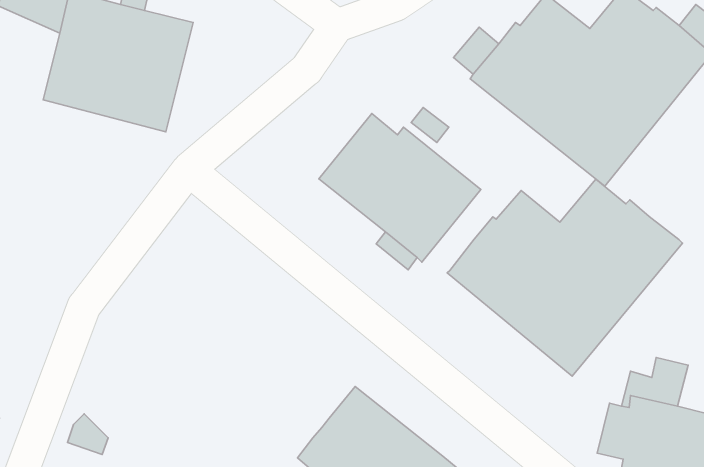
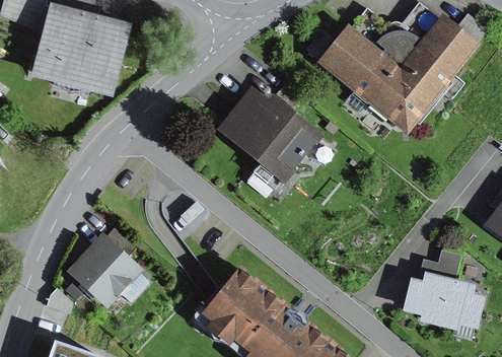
building: [447,179,683,376] -> none
building: none -> [67,226,151,310]

